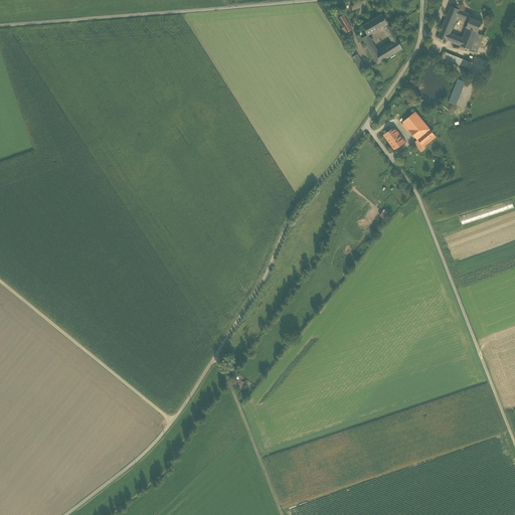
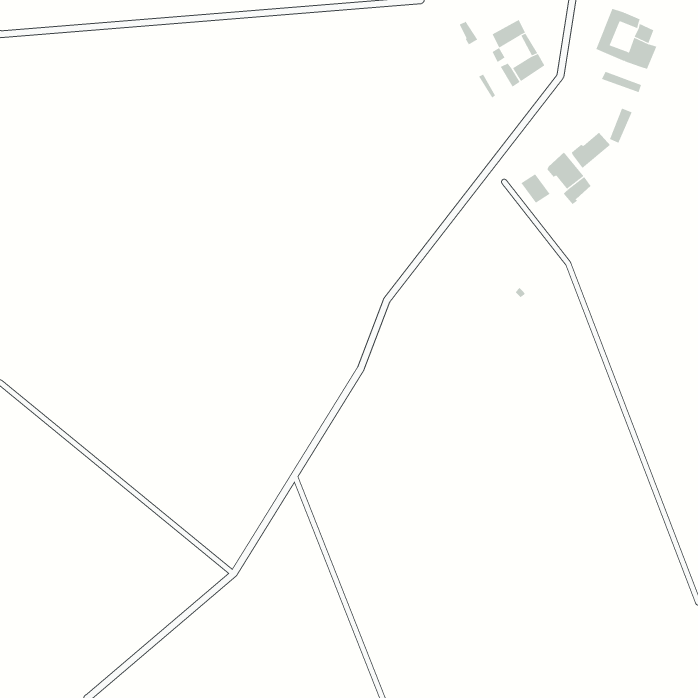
building: none -> [572,132,611,169]

